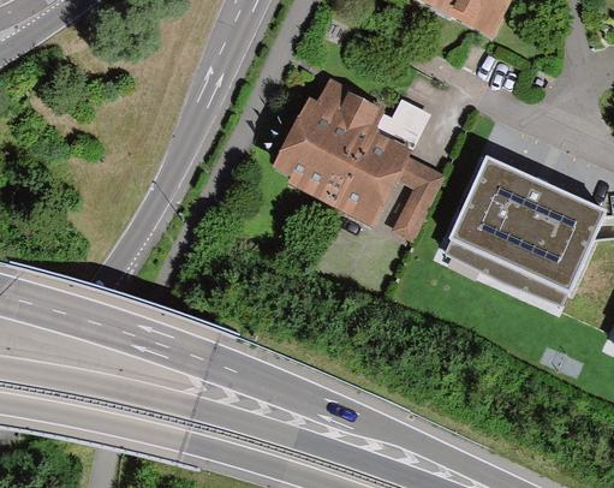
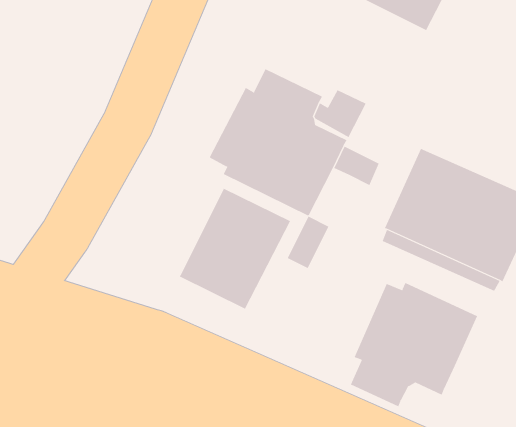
building: [391,186,434,240] -> [287,216,329,269]
building: none -> [179,188,291,310]
building: none -> [350,282,478,407]

